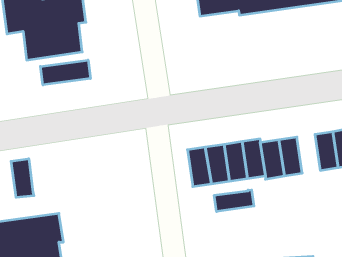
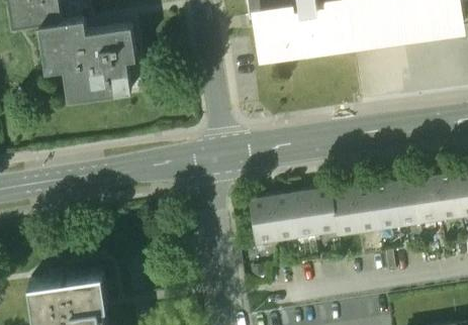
building: [40,60,90,85] -> none
building: none -> [371,186,397,229]
building: [11,159,34,197] -> none
building: [214,190,254,212] -> none

